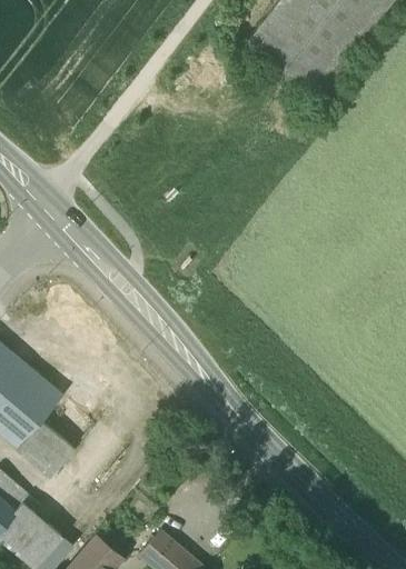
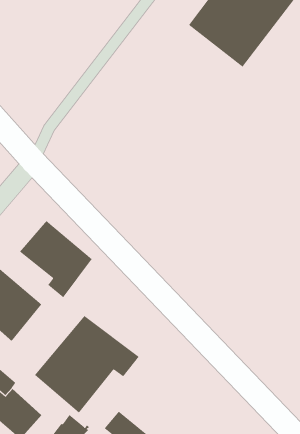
building: none -> [19,220,92,298]
building: none -> [34,315,140,414]

